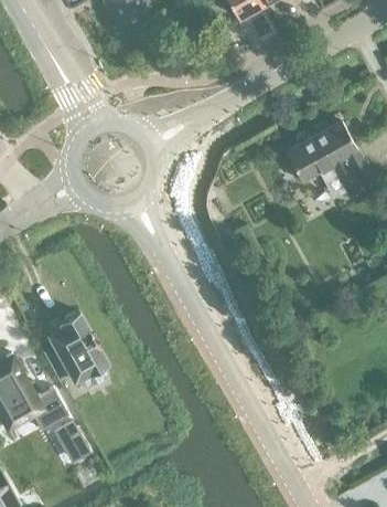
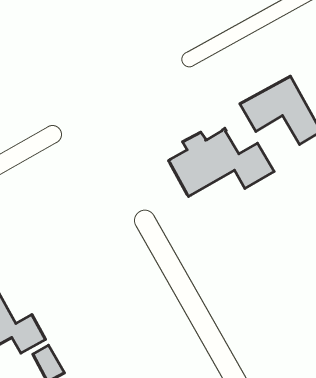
building: none -> [168,128,274,197]
building: [45,313,106,385] -> none

